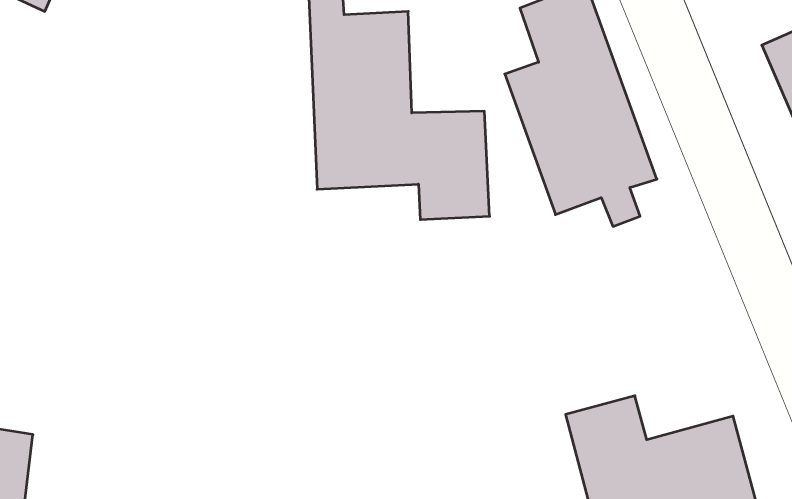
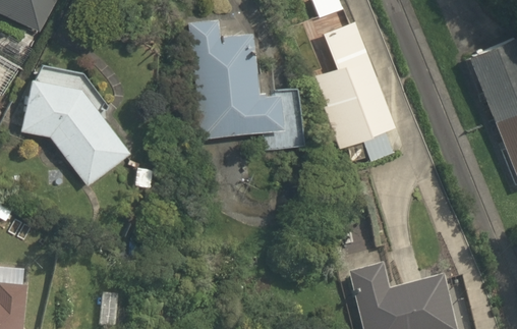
building: none -> [18,77,131,184]

